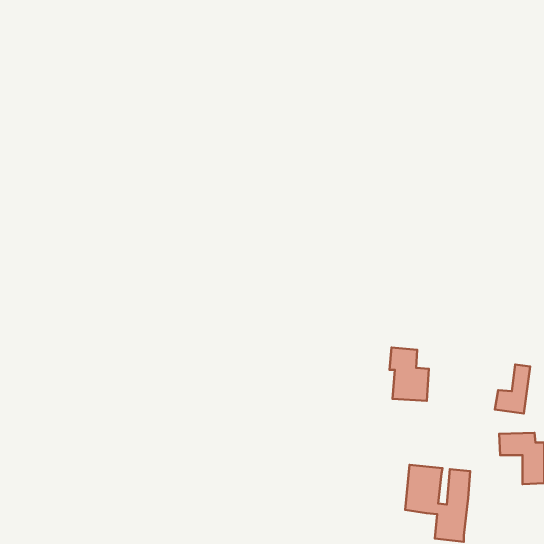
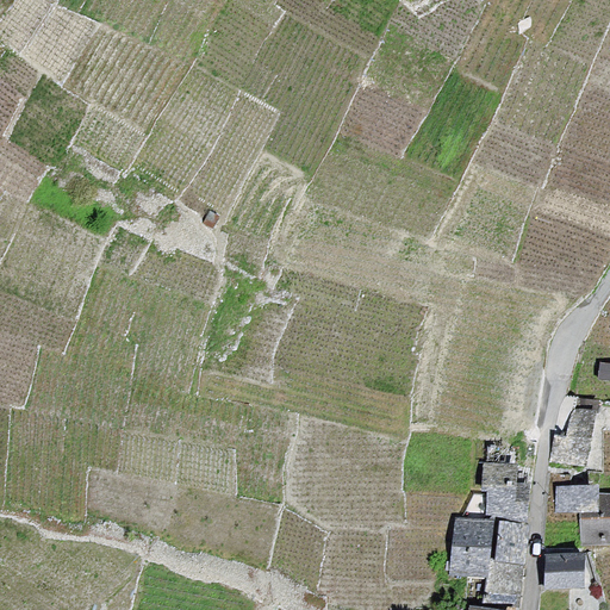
building: [389,348,429,401] -> [483,462,527,522]
building: none -> [546,556,585,586]

